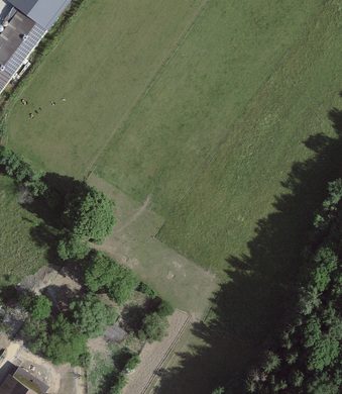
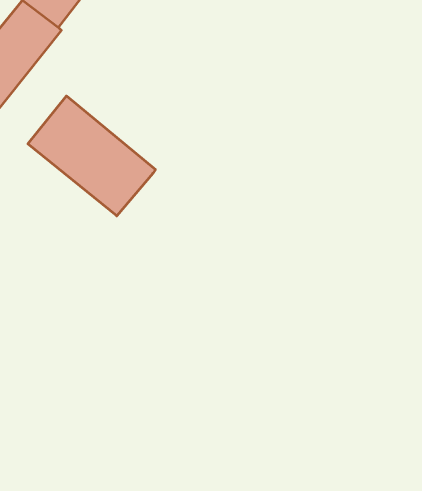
building: none -> [28,96,155,216]

